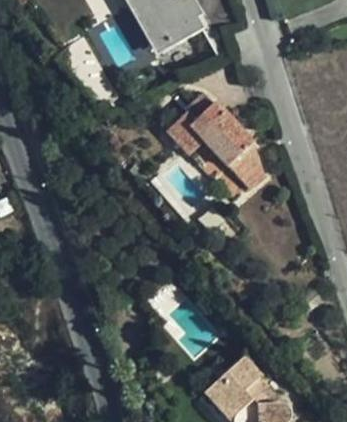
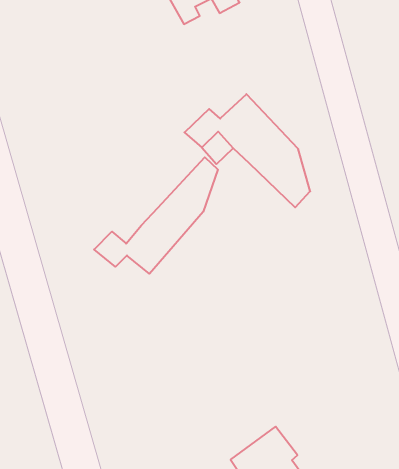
building: none -> [94,157,218,274]

